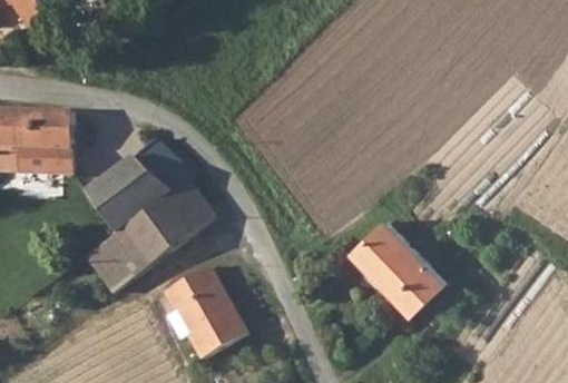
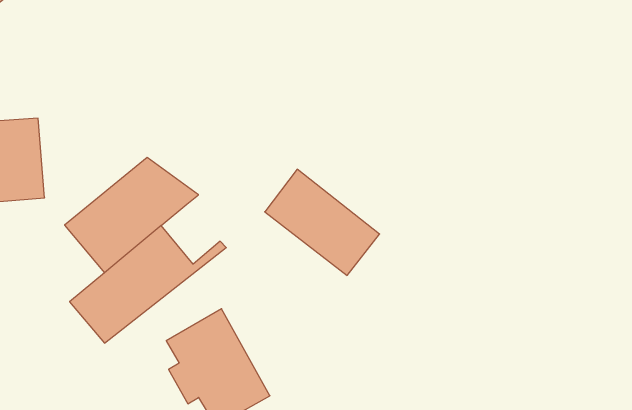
building: [163,185,209,234] -> none
building: [347,216,439,305] -> [265,169,380,275]

